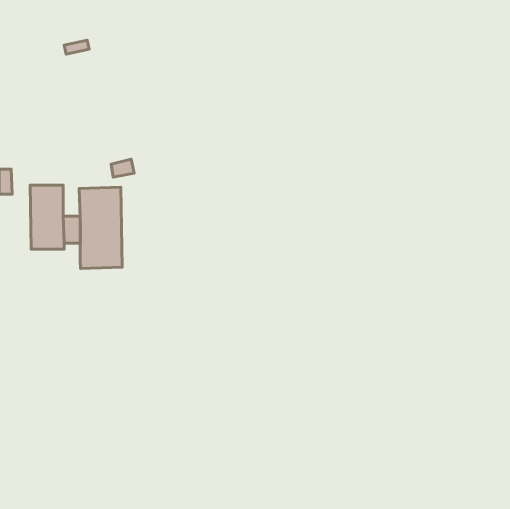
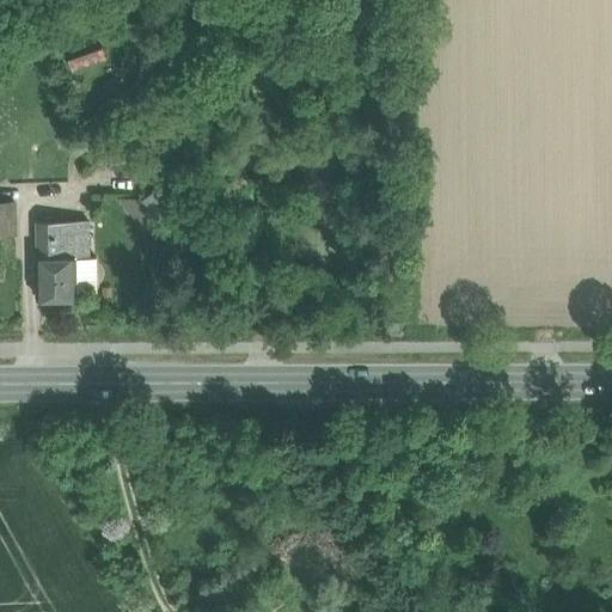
building: [79,187,122,268] -> none

